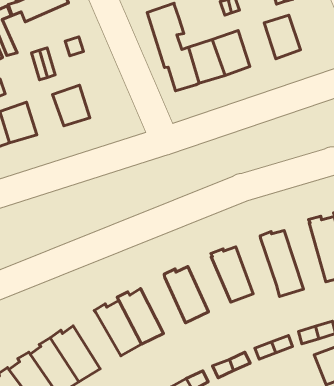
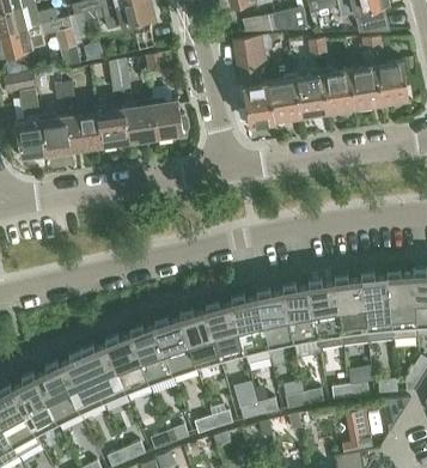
building: none -> [374,61,410,103]
building: none -> [321,69,354,111]
building: none -> [152,98,189,136]
building: none -> [96,107,129,145]
building: none -> [334,278,367,345]
building: none -> [282,286,317,341]
building: none -> [231,297,270,364]
building: none -> [179,310,219,366]
building: none -> [105,334,148,391]

